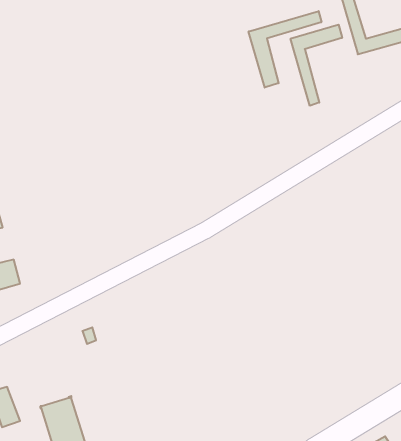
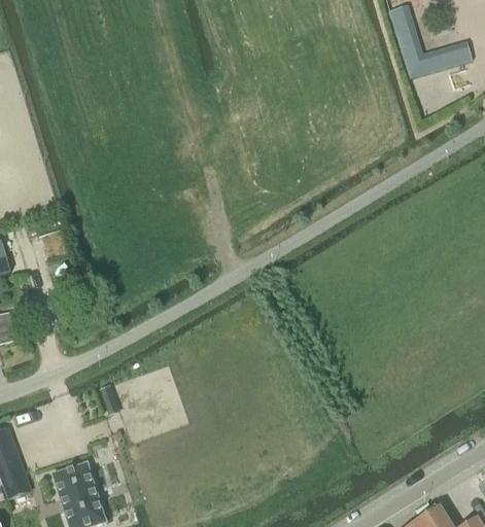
building: [249,11,321,88] -> none
building: [291,25,342,106] -> none

